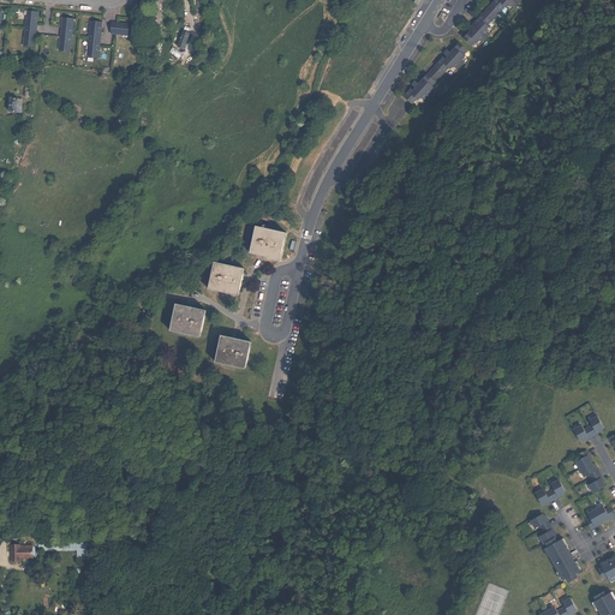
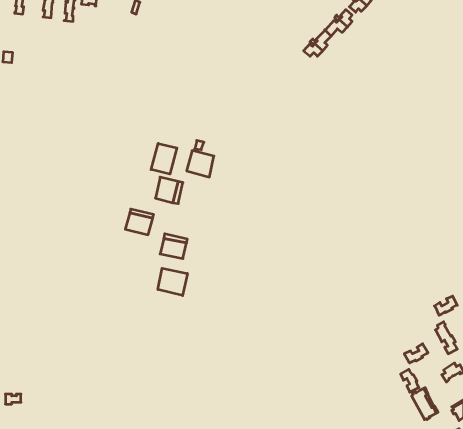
building: none -> [151,143,177,174]
building: none -> [158,268,187,296]

